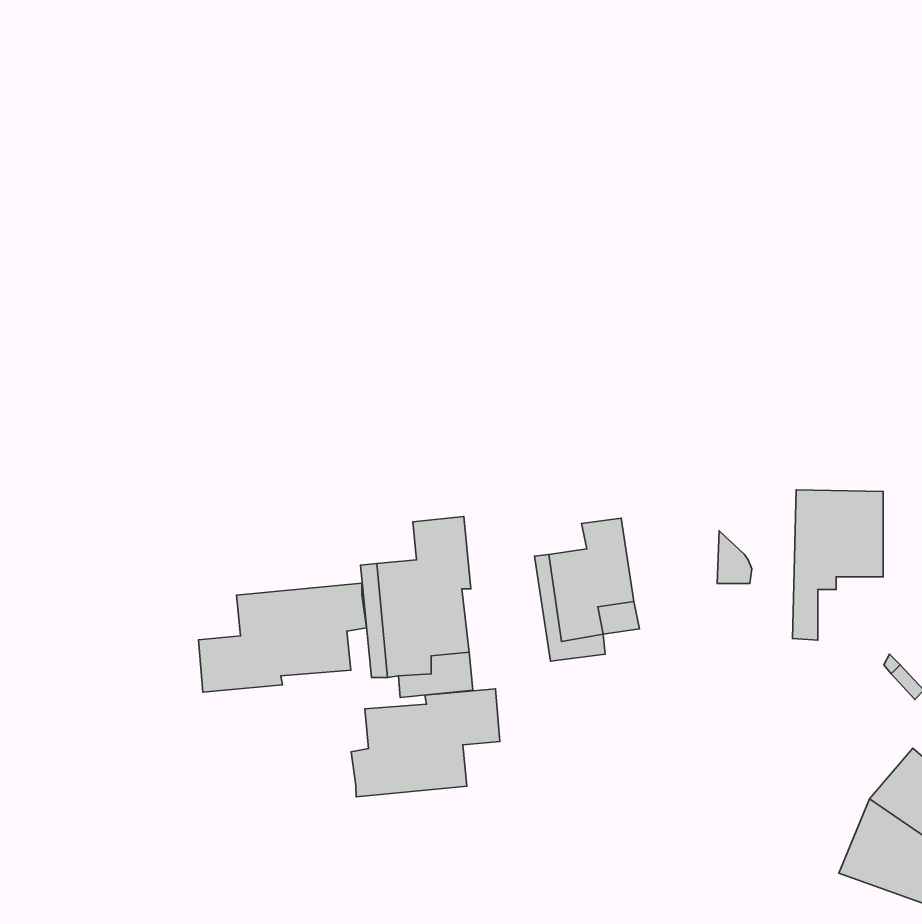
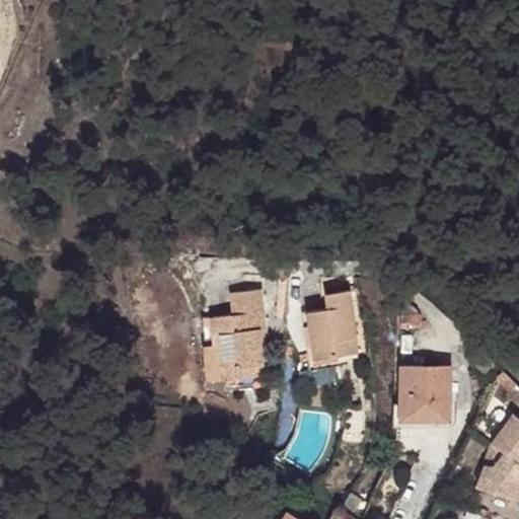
building: [793,490,883,640] -> [401,365,452,449]
building: [199,583,367,692] -> none
building: [351,689,500,797] -> none

